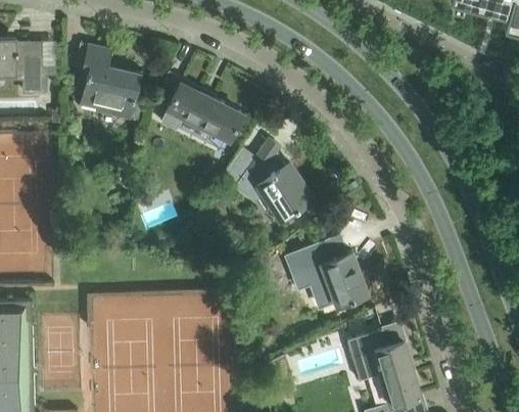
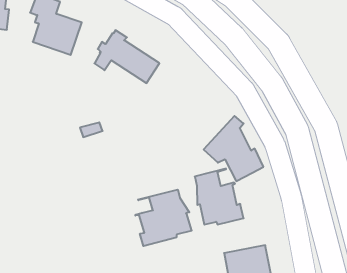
building: [234,139,311,220] -> [204,116,263,181]
building: none -> [135,190,192,246]

